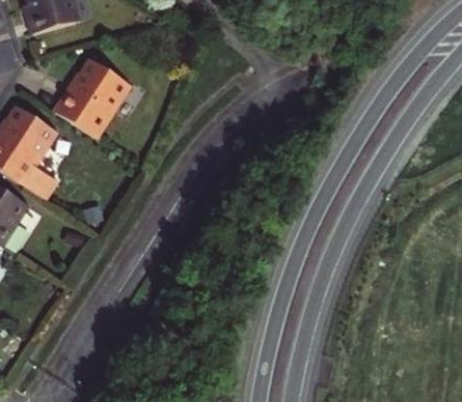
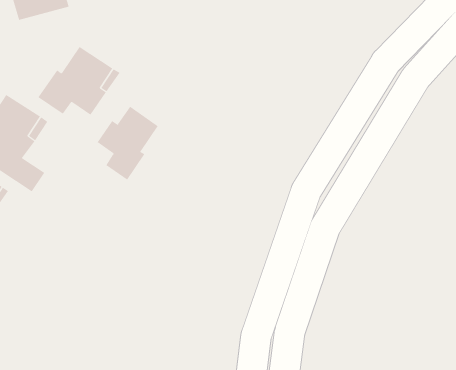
building: none -> [97,106,159,181]

